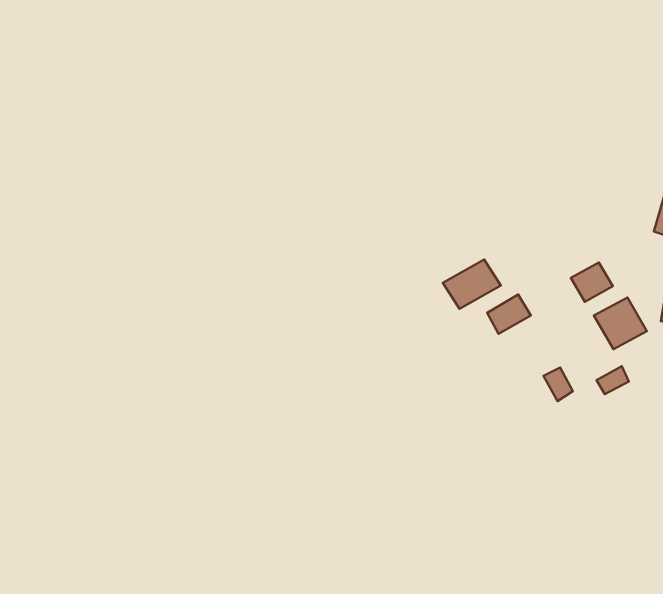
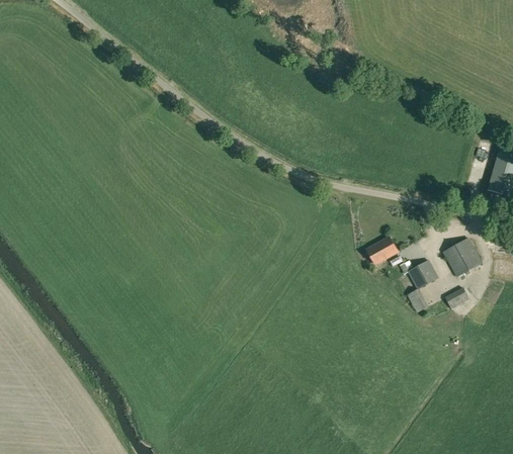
building: [443,259,501,309] -> none
building: [571,263,613,302] -> [408,260,438,288]

